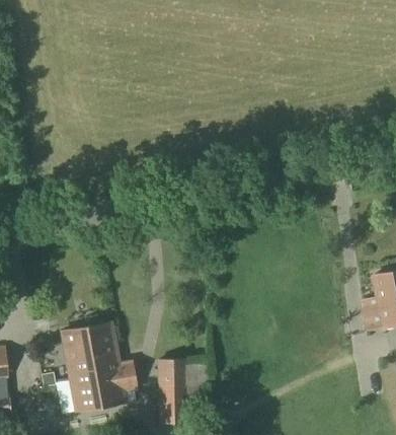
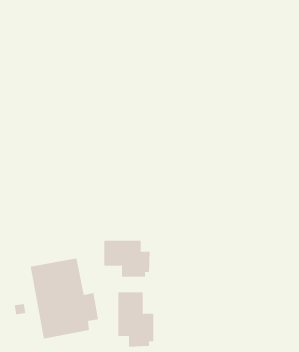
building: none -> [104,240,150,277]

